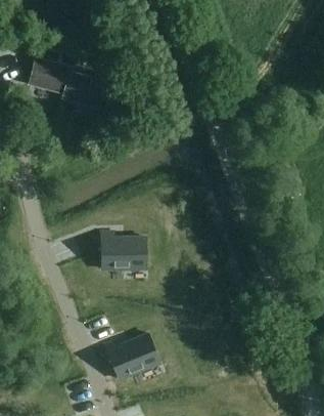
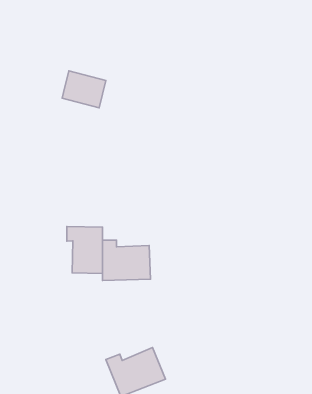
building: [30,57,71,92] -> none
building: none -> [67,226,102,274]

